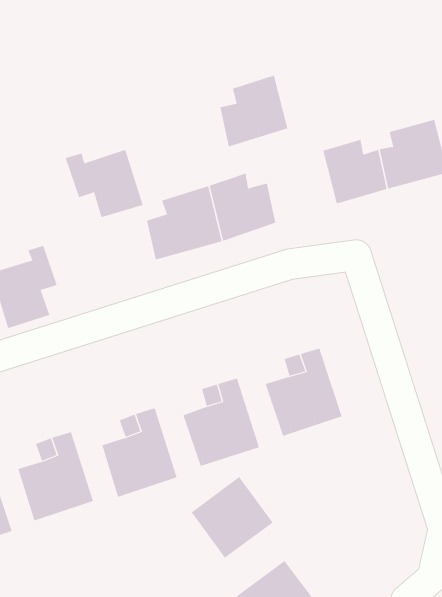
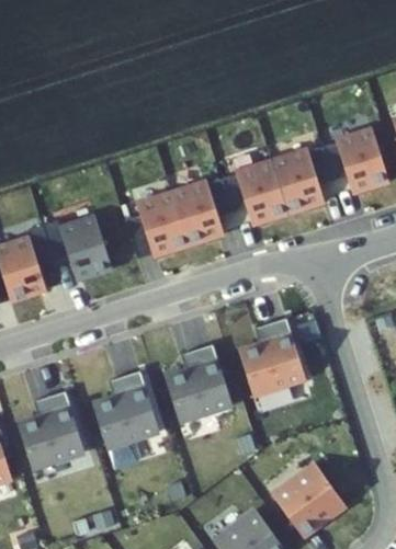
building: [220,75,288,147] -> [238,148,298,211]
building: [65,149,143,218] -> [42,224,111,284]
building: [191,476,273,559] -> [270,460,342,533]

